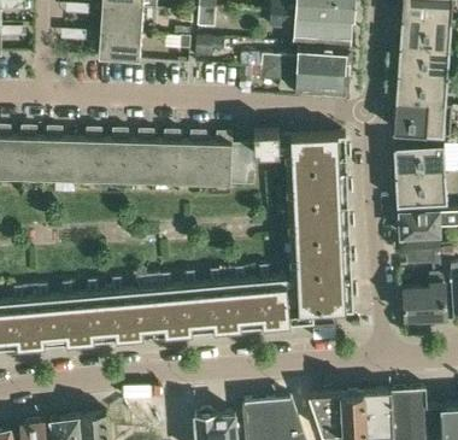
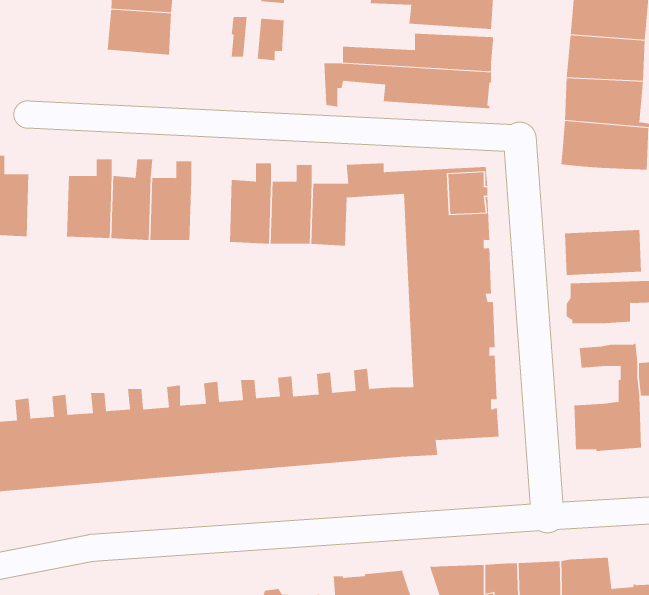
building: [46,128,72,181] -> none
building: [152,131,180,184] -> none
building: [393,146,445,178] -> none

